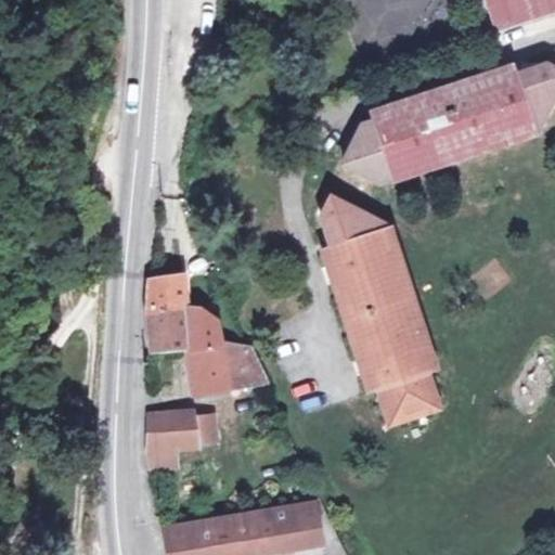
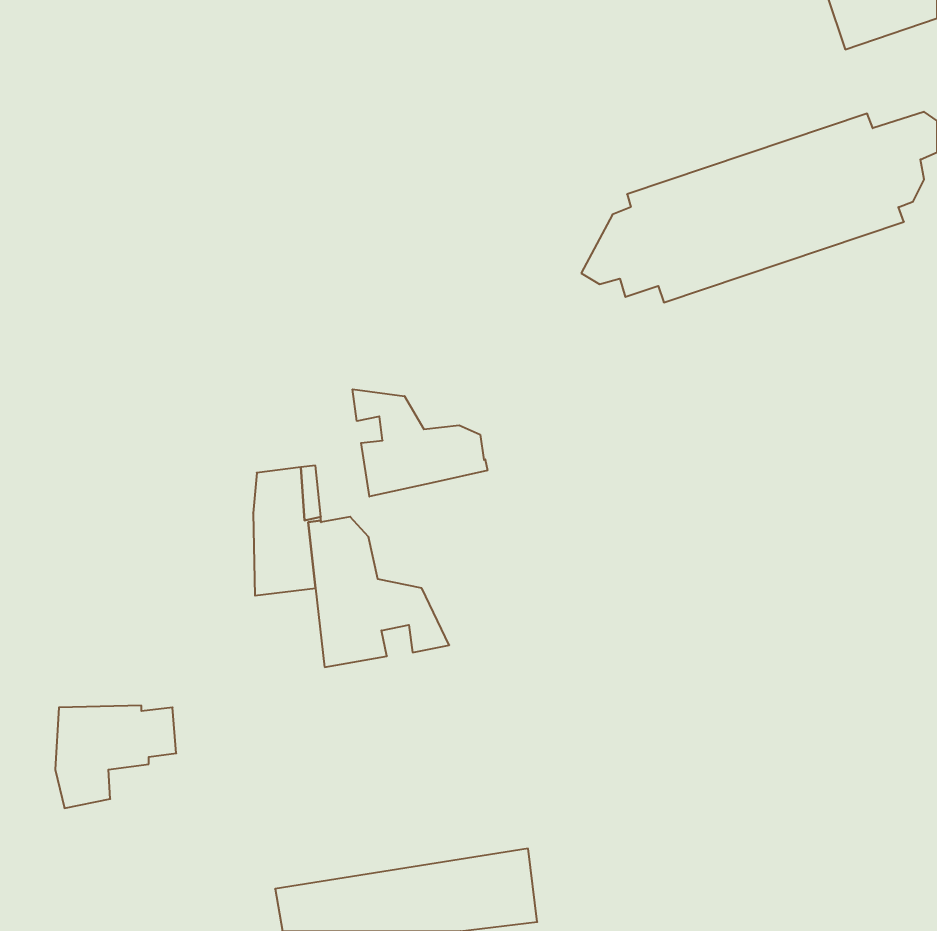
building: [322,203,434,420] -> none
building: none -> [353,389,487,497]
building: [145,411,217,472] -> [55,706,176,808]

